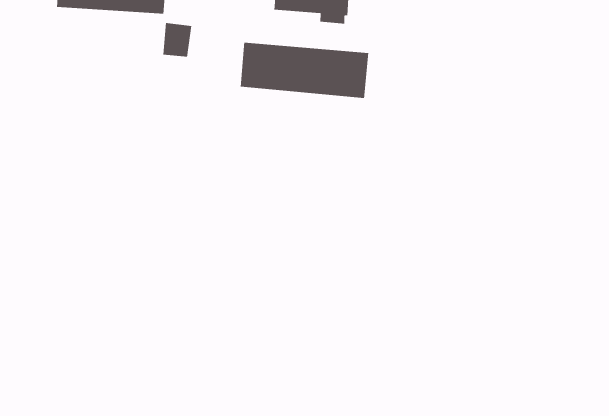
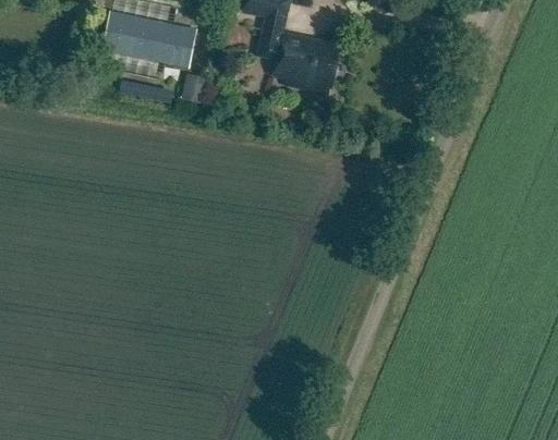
building: [240,42,369,99] -> none

